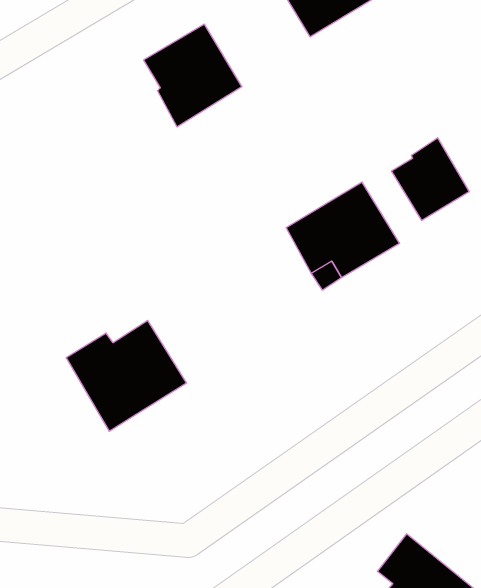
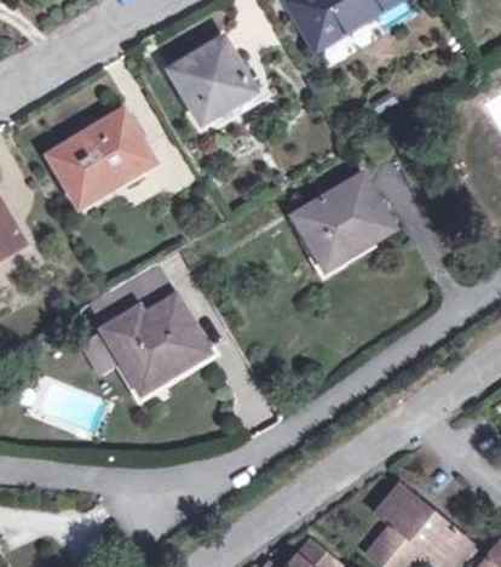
building: none -> [50,114,150,197]
building: [392,138,469,220] -> none

